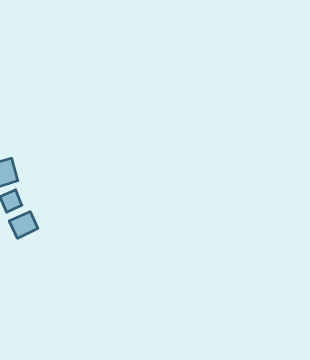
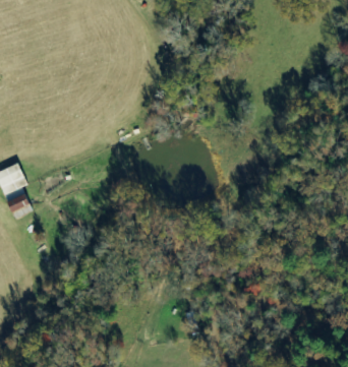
building: [9,212,38,238] -> none

